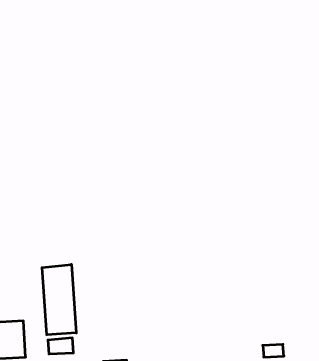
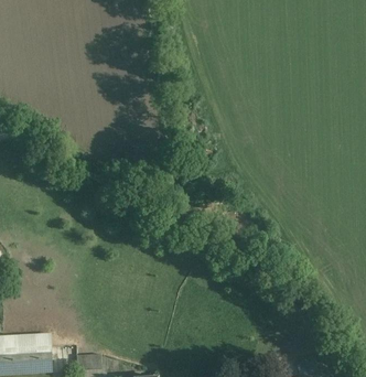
building: [42,264,76,335] -> none

